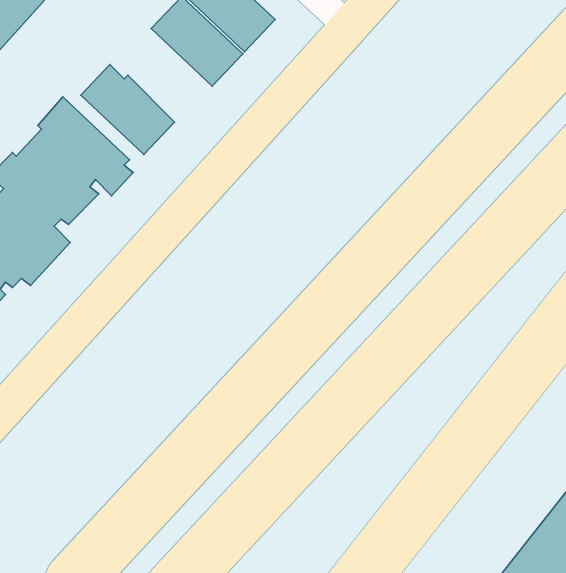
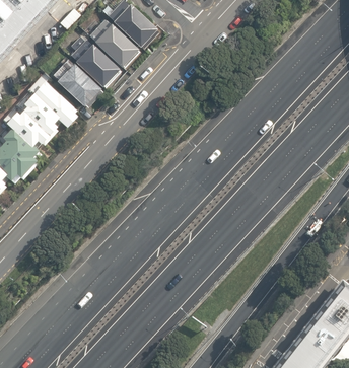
building: none -> [75,35,124,87]

